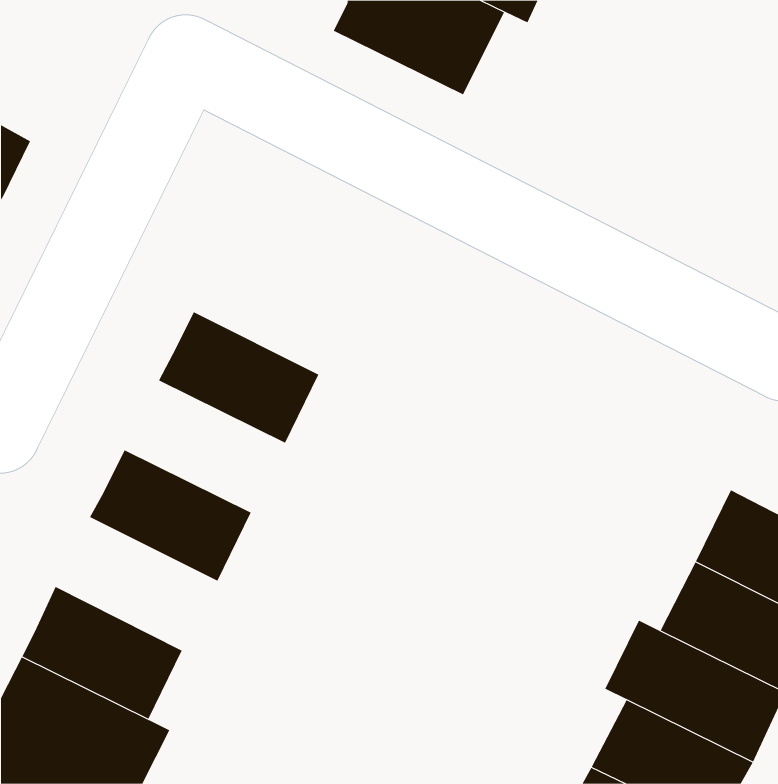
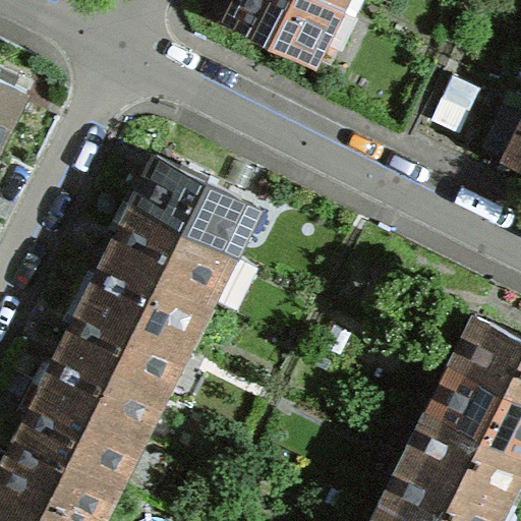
building: none -> [132,159,239,248]
building: none -> [86,252,193,340]
building: none -> [41,343,149,431]

